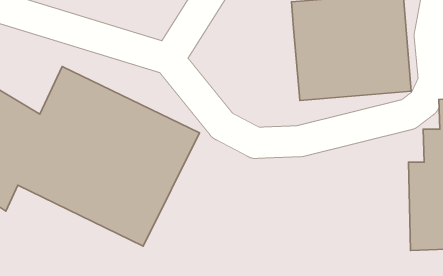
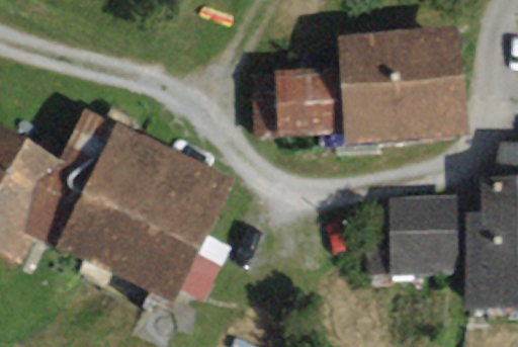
building: none -> [252,66,345,136]
building: none -> [363,194,459,273]

